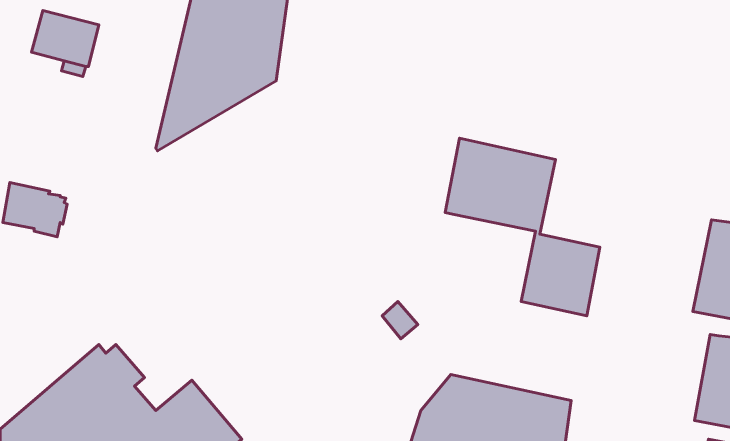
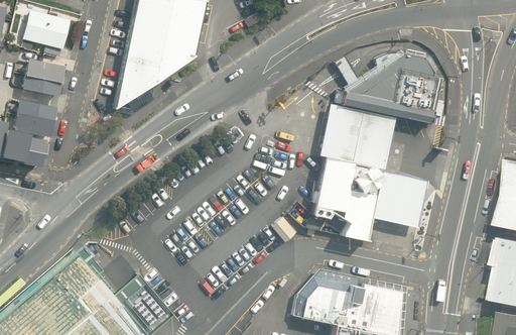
building: none -> [332,51,440,123]
building: none -> [23,62,67,99]
building: none -> [15,103,57,140]
building: none -> [308,155,378,241]

